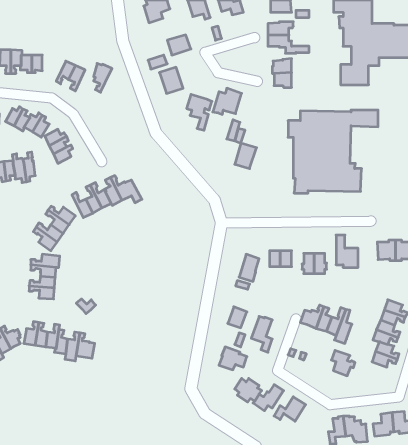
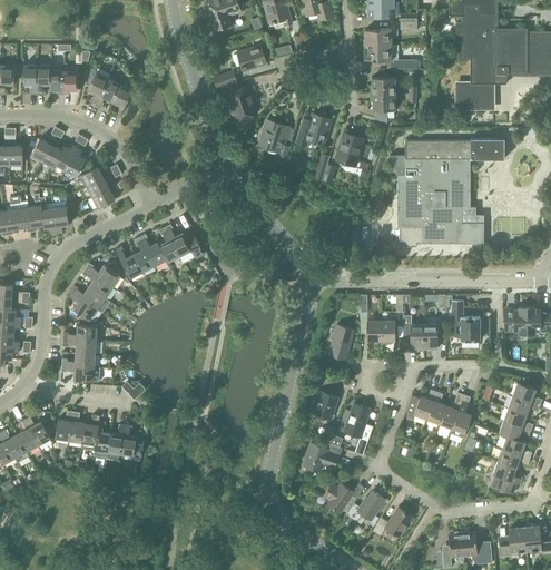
building: [94,63,112,92] -> [87,67,110,104]
building: [235,143,257,169] -> [336,132,364,165]
building: [331,350,355,376] -> [493,461,523,493]

